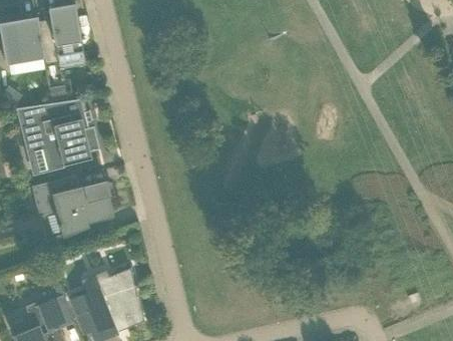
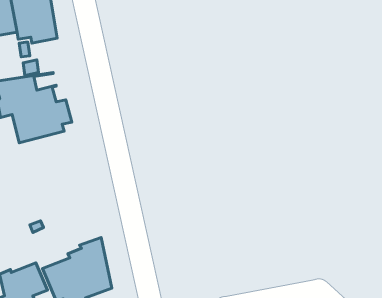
building: [31,175,112,236] -> none

